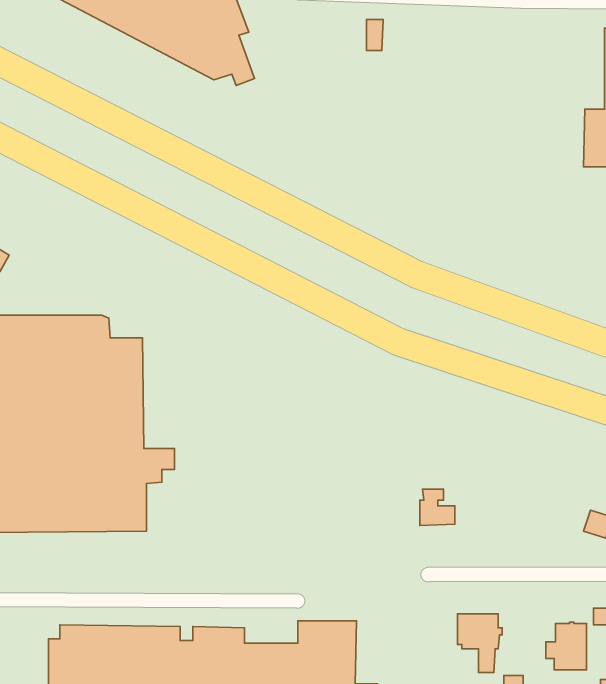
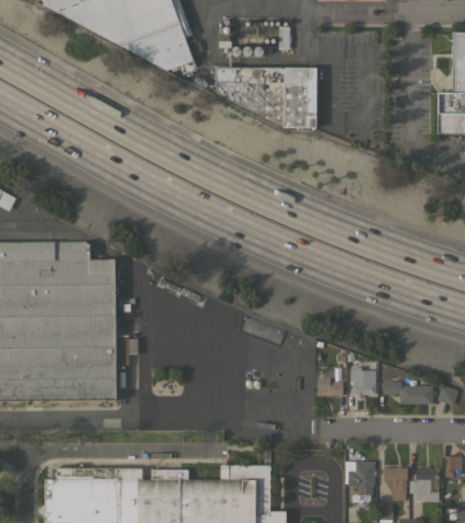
building: none -> [214,68,316,126]
building: none -> [350,366,375,394]
building: none -> [383,381,432,403]
building: none -> [383,465,407,499]

